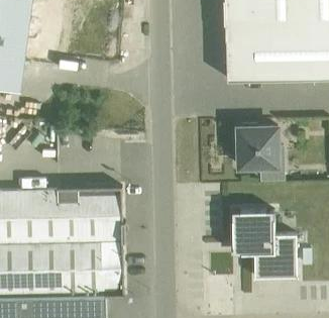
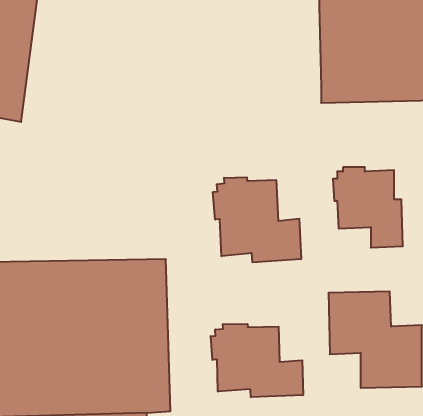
building: none -> [213,177,301,262]
building: none -> [211,324,303,397]

